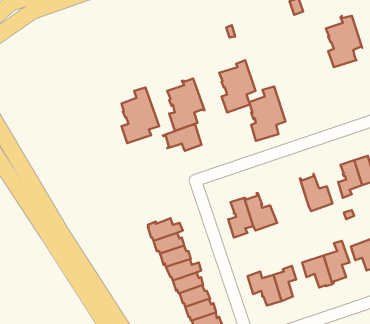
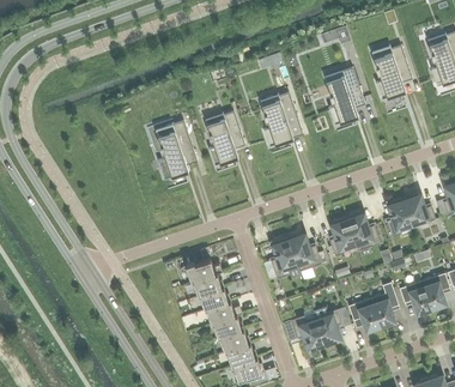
building: [249,86,285,141] -> [326,67,364,125]
building: [163,124,202,151] -> none
building: none -> [328,217,354,256]

